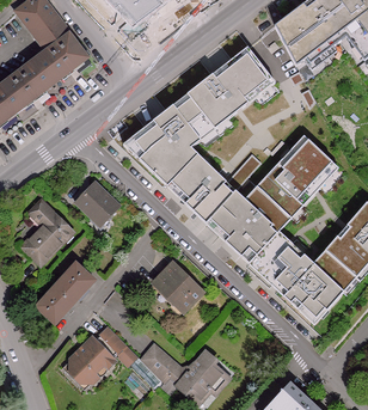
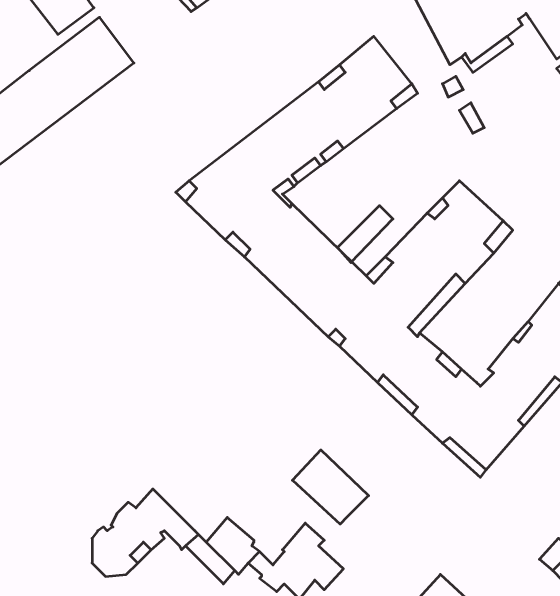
building: [76,185,117,227] -> none
building: [22,204,69,265] -> none
building: [153,263,201,310] -> [292,450,369,524]
building: [38,265,96,324] -> none

